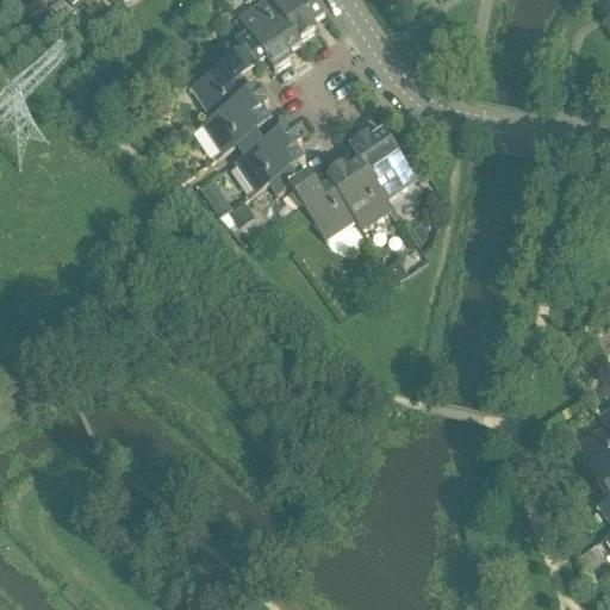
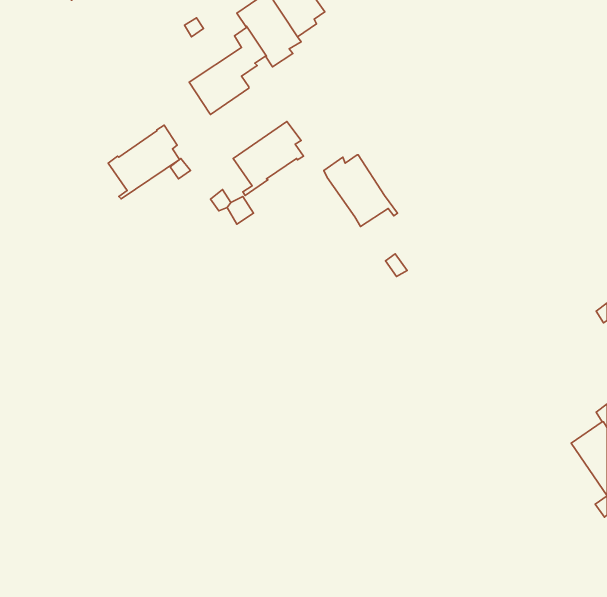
building: [200,82,272,156] -> [108,125,180,199]
building: [348,125,416,195] -> none
building: [267,158,355,237] -> none

